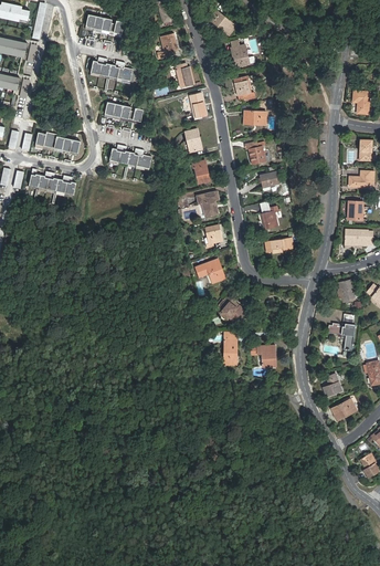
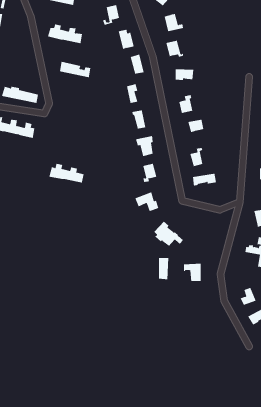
building: [109,144,152,168] -> [49,163,84,183]

